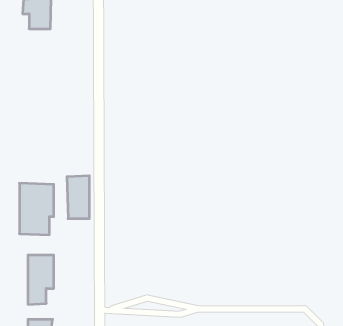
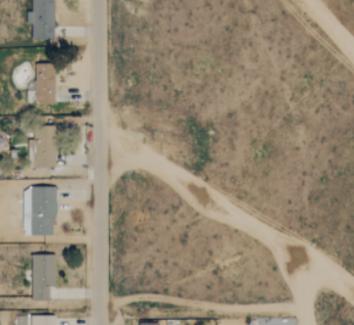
building: none -> [35,63,55,103]
building: [67,176,89,219] -> [35,126,56,167]

